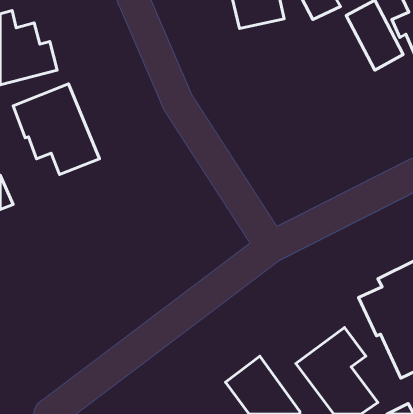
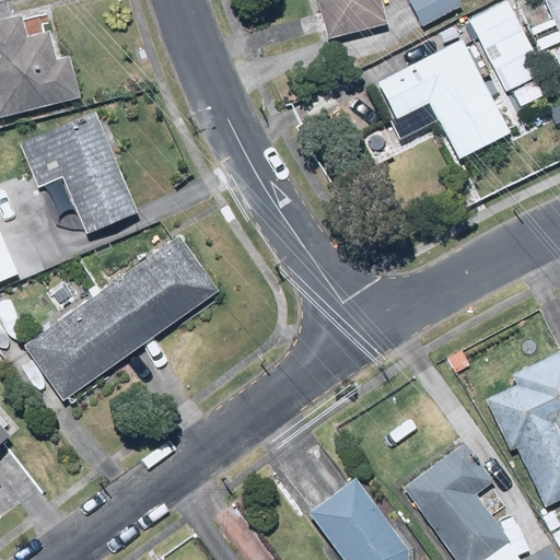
building: none -> [375,42,512,160]
building: none -> [27,233,219,398]

